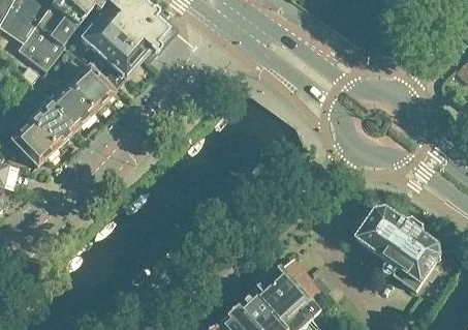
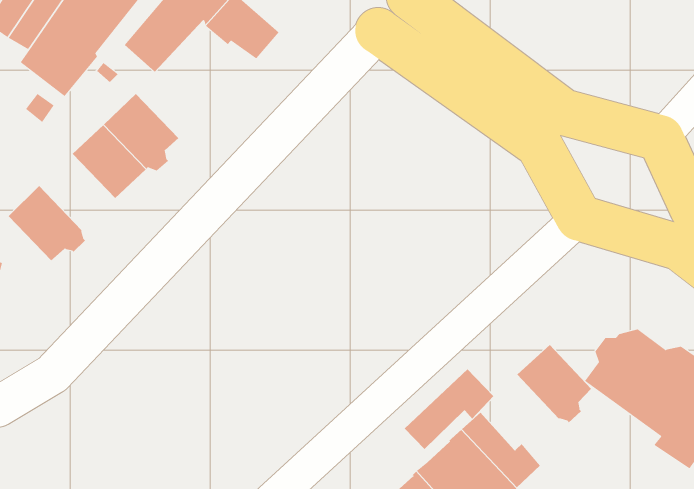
building: [98,23,158,78] -> none
building: [22,95,74,148] -> none
building: none -> [516,344,592,423]
building: none -> [404,368,494,450]

